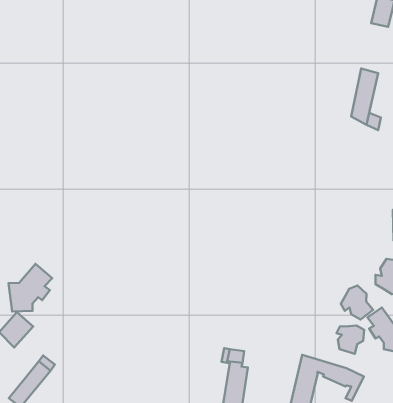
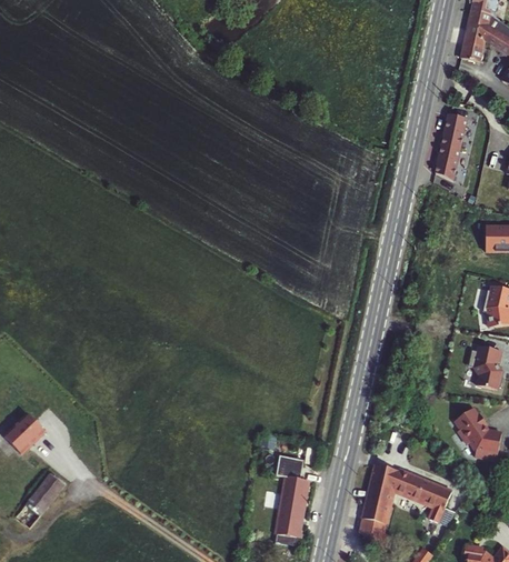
building: [9,264,52,311] -> none
building: [341,286,373,319] -> none
building: [336,325,364,354] -> none

